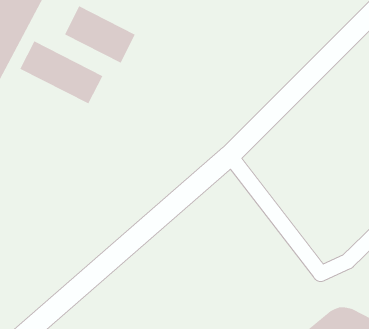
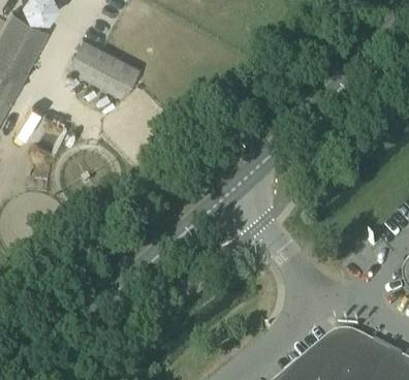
building: [19,41,103,104] -> none

